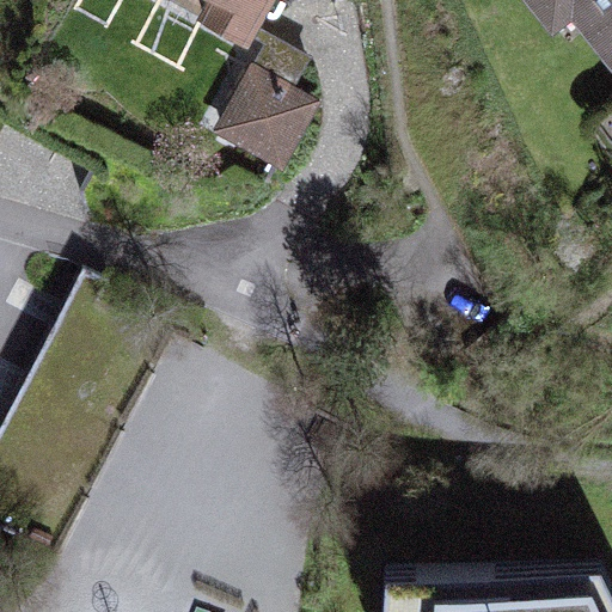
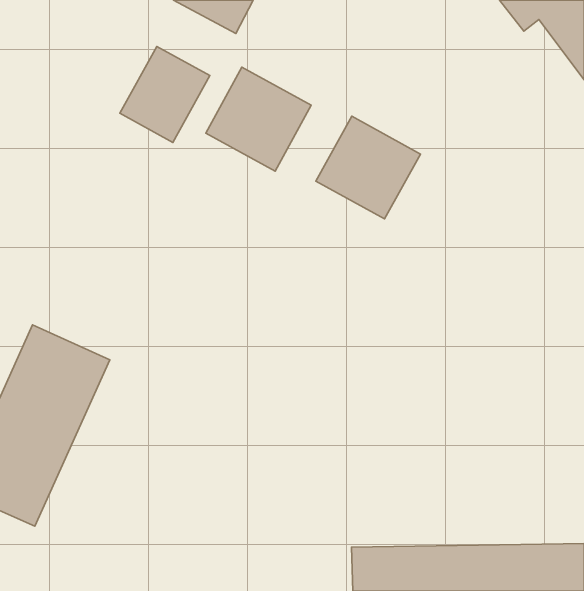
building: none -> [120,47,210,142]
building: none -> [316,116,420,219]

